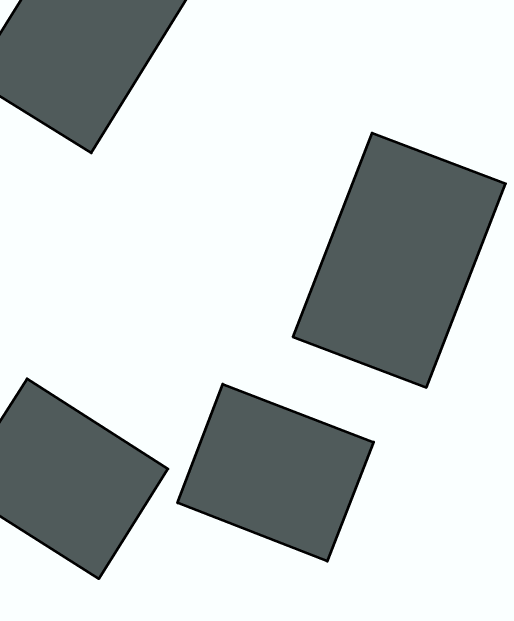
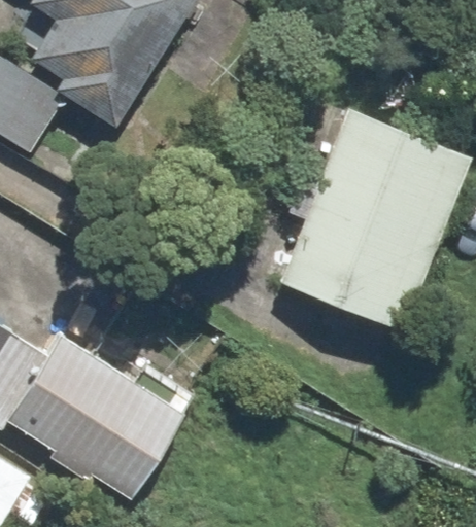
building: [178,384,374,561] -> none

